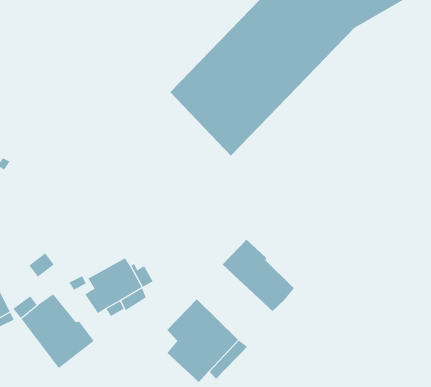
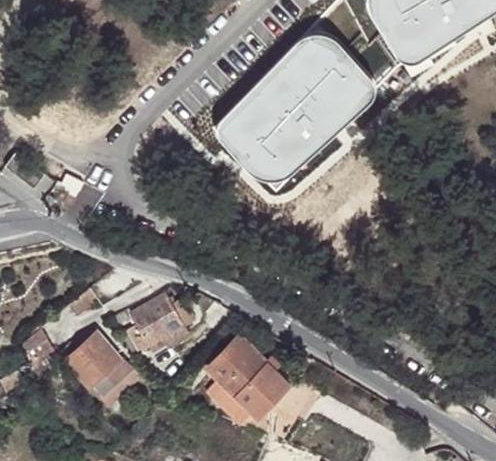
building: [222,239,294,312] -> none

